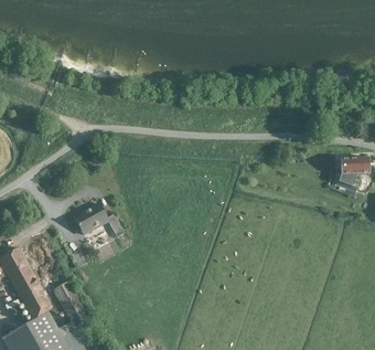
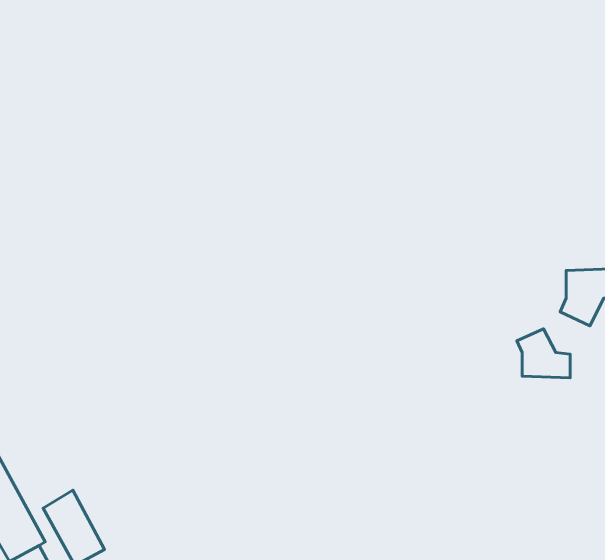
building: none -> [517,329,570,378]
building: [72,203,122,237] -> none

